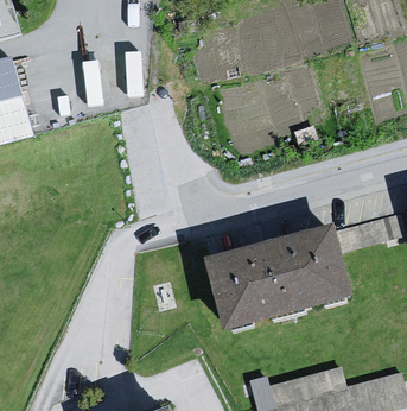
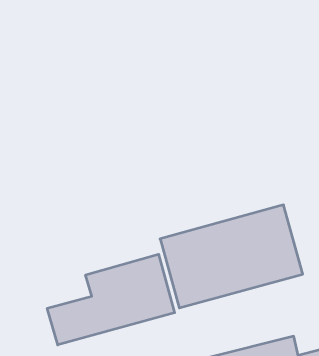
building: none -> [47,254,175,345]

